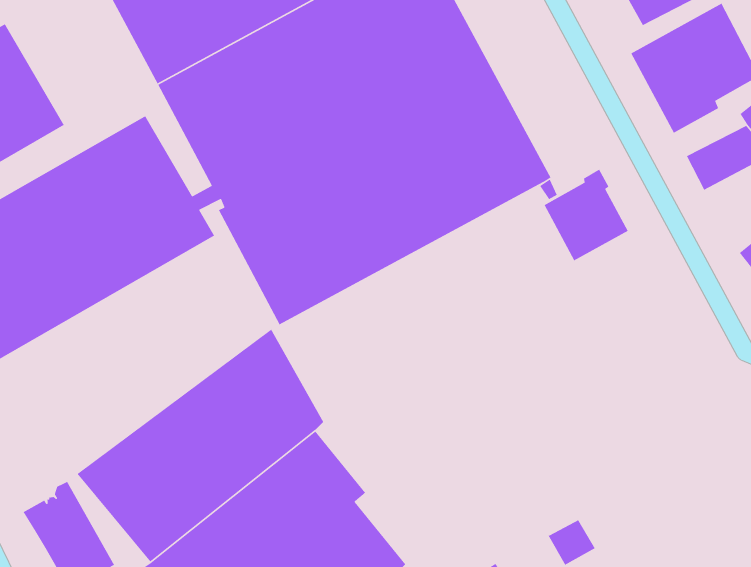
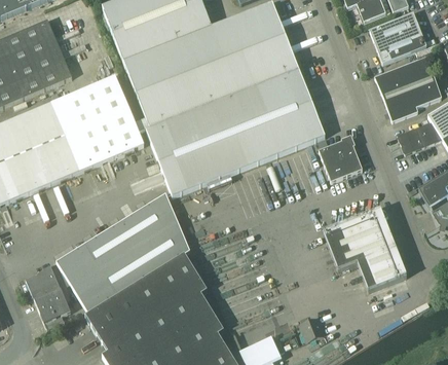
building: none -> [323,208,406,290]

